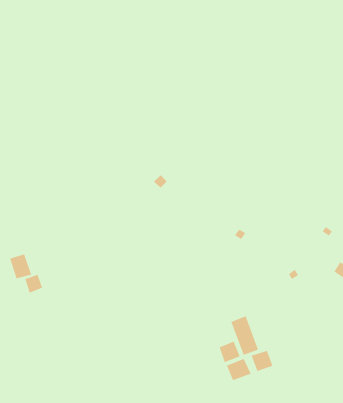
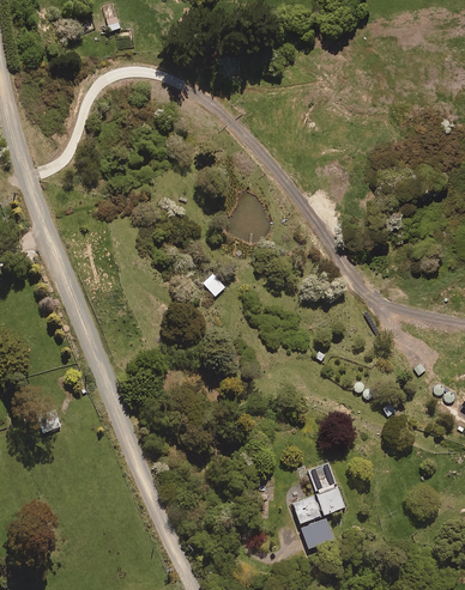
building: [9,253,32,279] -> none
building: [251,350,273,372] -> none

